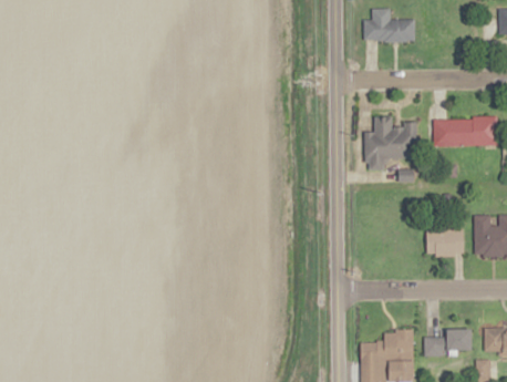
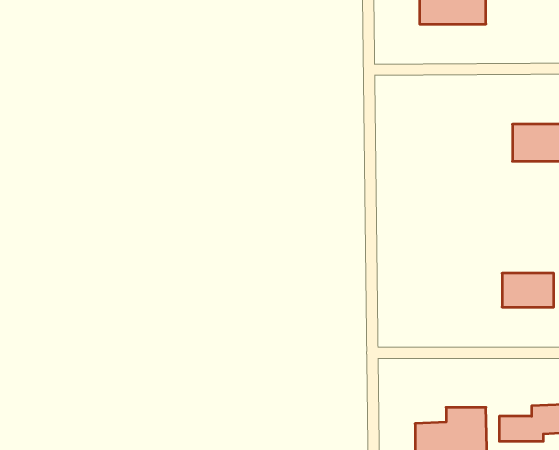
building: [364,116,416,169] -> none

